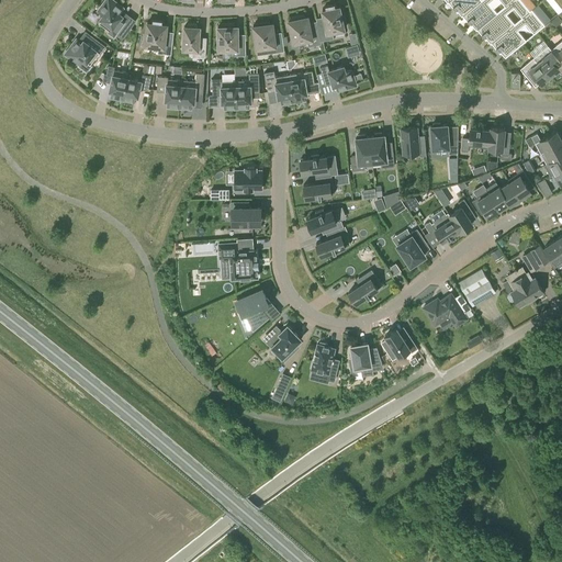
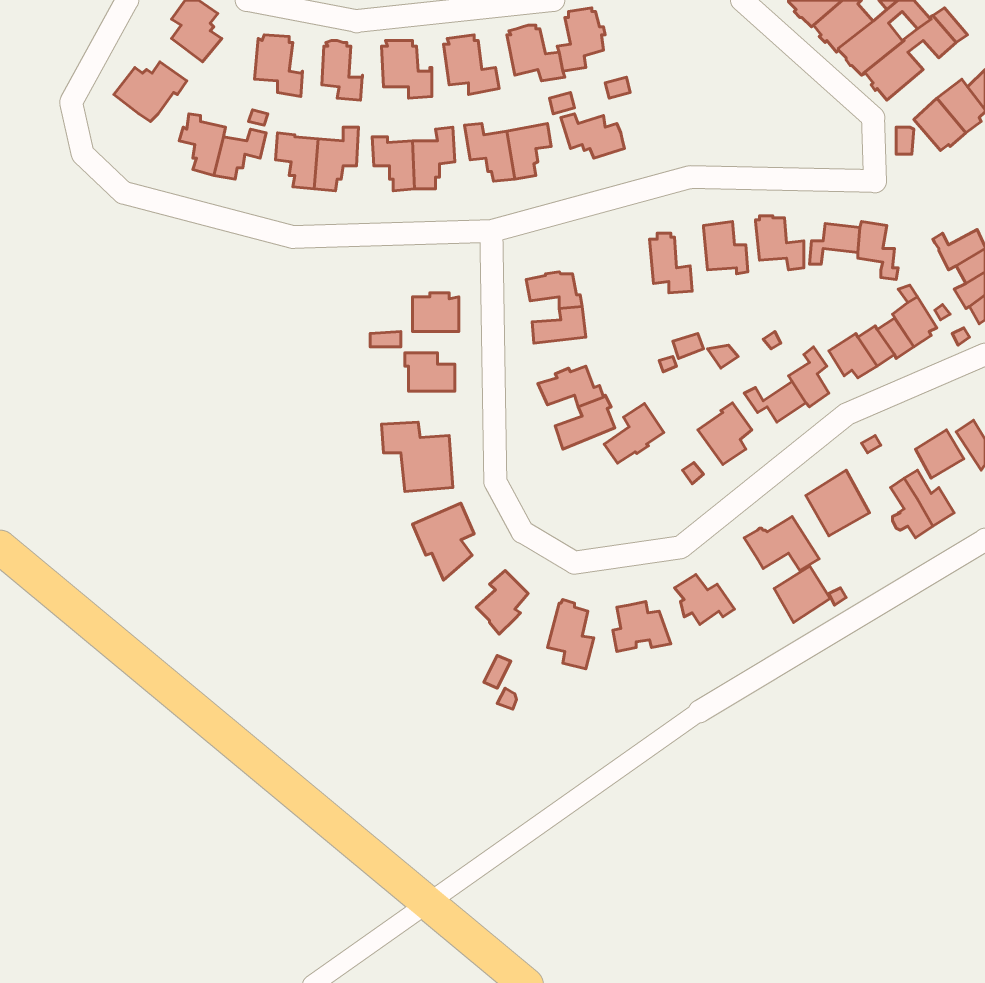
building: [350,135,372,171] -> none
building: [348,270,382,304] -> [604,404,664,463]
building: none -> [774,566,830,623]

